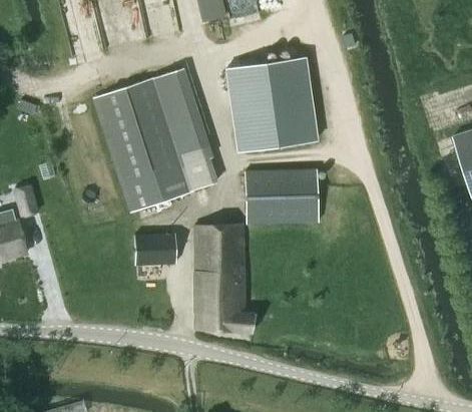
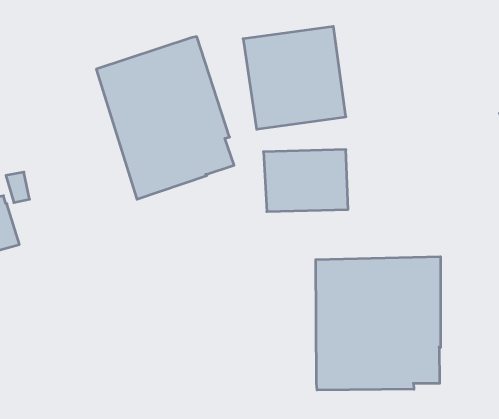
building: [194,224,253,334] -> none
building: [135,233,176,266] -> none
building: none -> [316,257,440,390]

